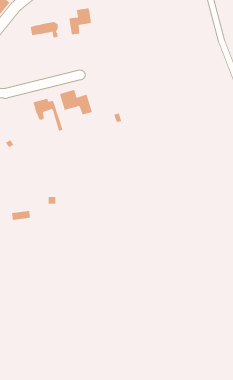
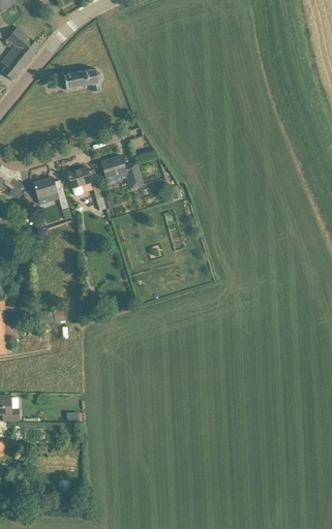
building: [69,8,92,35] -> none
building: none -> [32,176,68,209]

